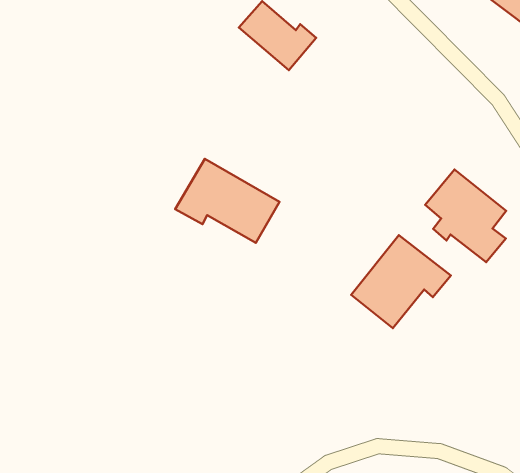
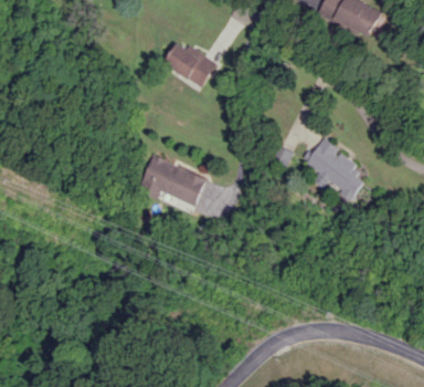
building: [351,235,451,328] -> none

